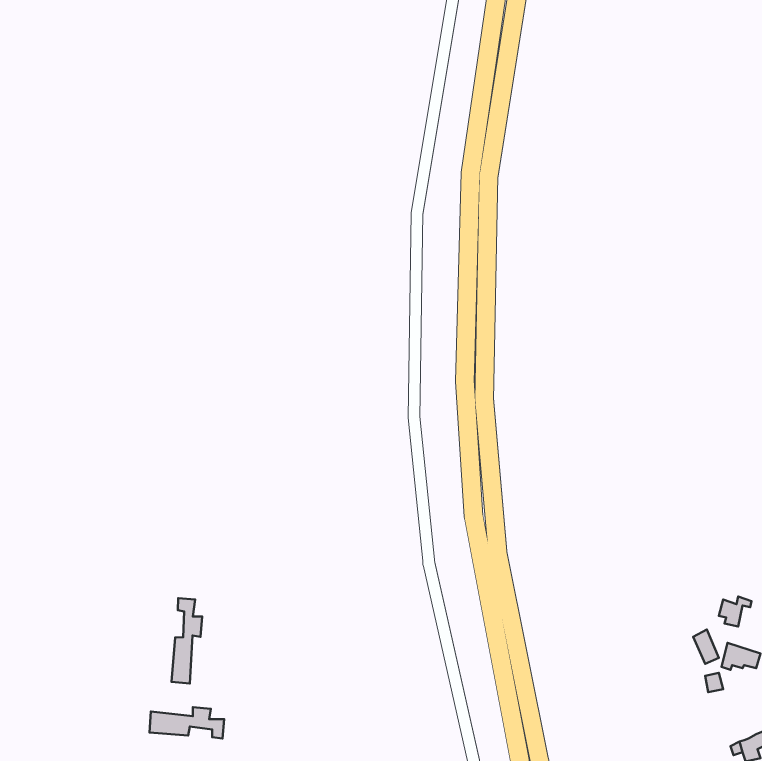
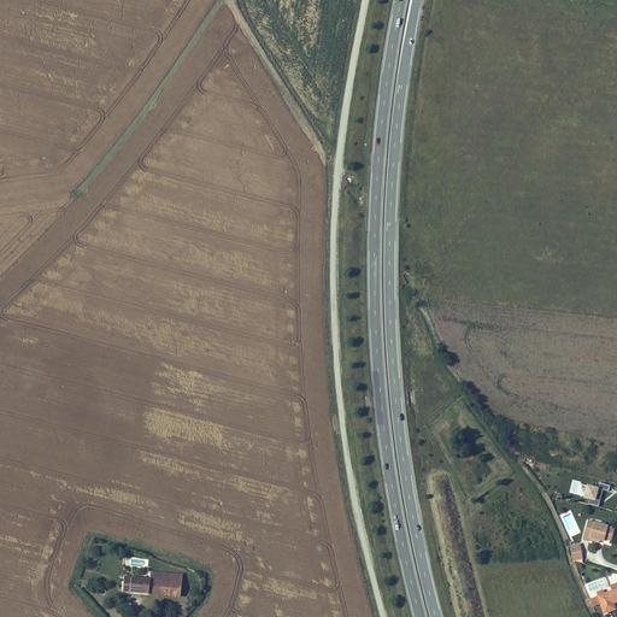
building: [171,598,202,684] -> none

